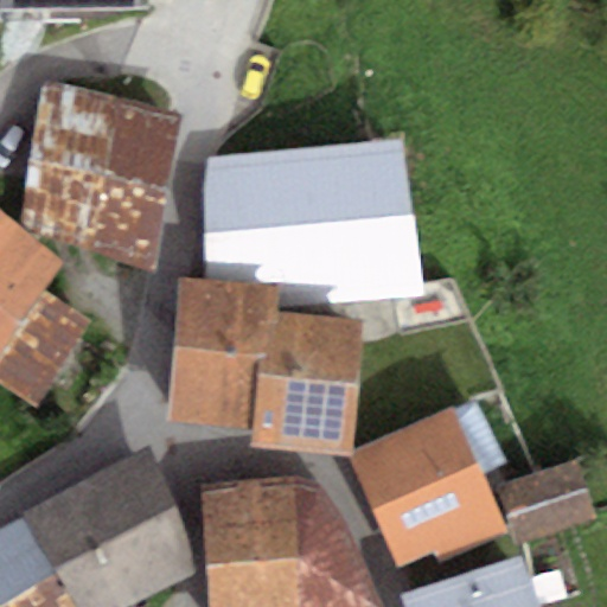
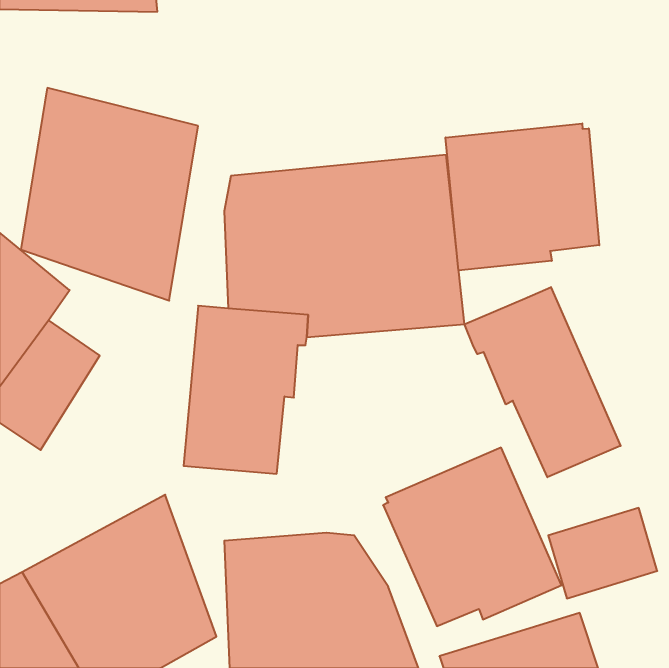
building: none -> [446,123,599,270]
building: none -> [464,287,621,477]
building: [248,312,364,456] -> none

